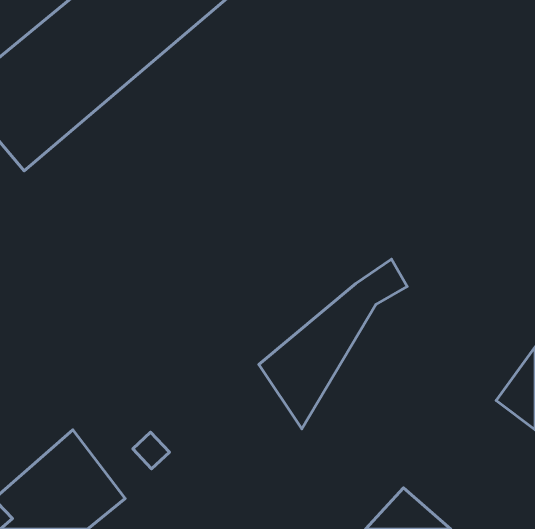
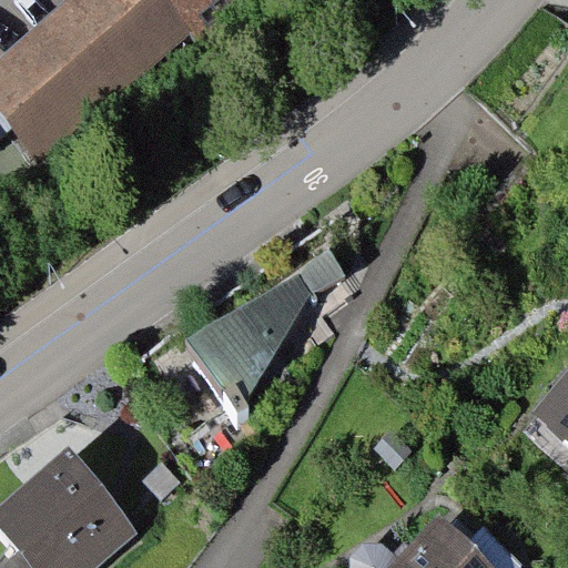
building: [259,259,407,429] -> [189,241,345,419]

